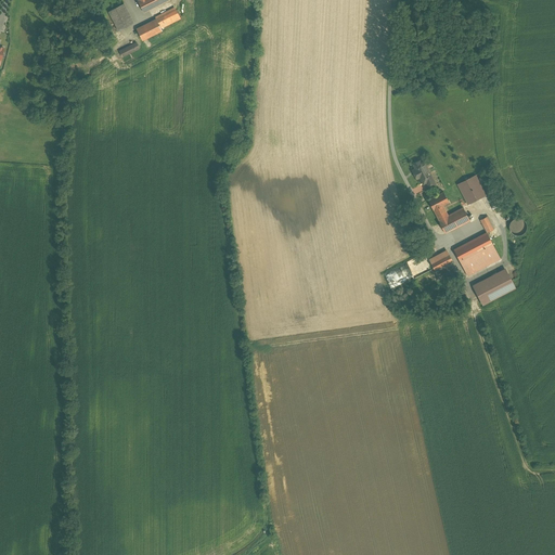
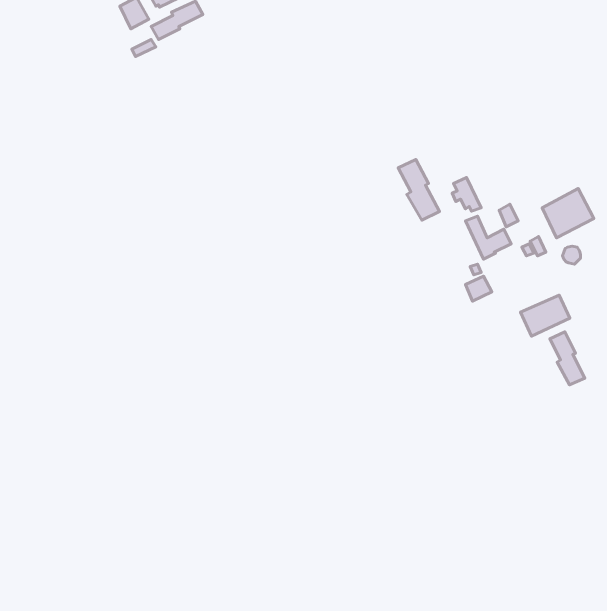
building: none -> [398,160,440,220]
building: [452,232,499,276] -> [542,189,594,238]
building: none -> [550,332,585,385]

